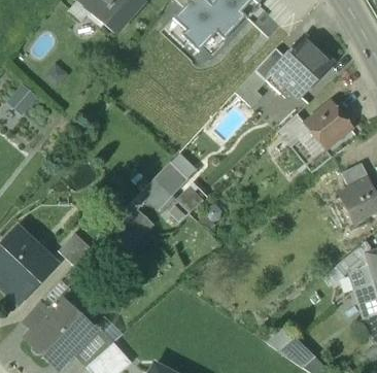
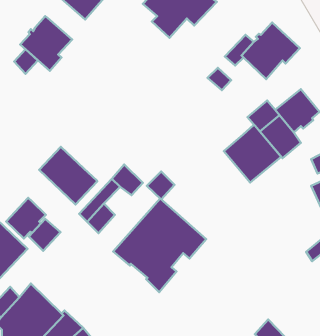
building: none -> [20,16,72,71]
building: none -> [224,125,281,183]
building: [155,159,193,197] -> none
building: none -> [39,147,97,204]
building: none -> [6,198,46,238]
building: none -> [113,198,206,292]

